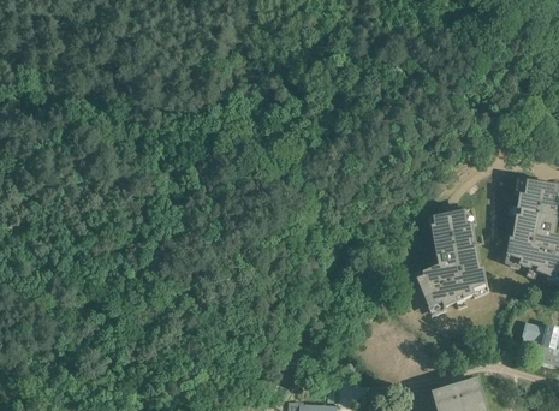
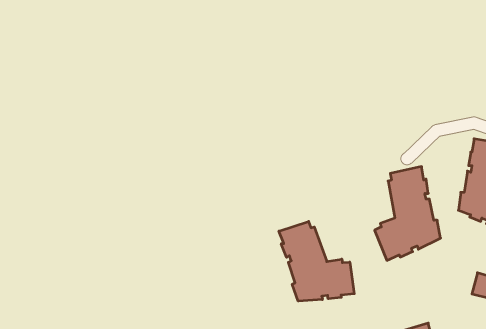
building: none -> [279,221,354,301]

